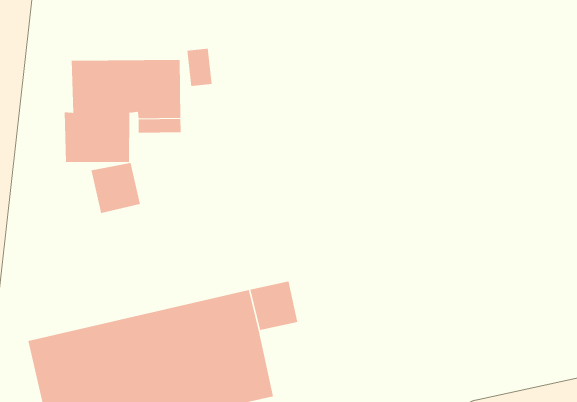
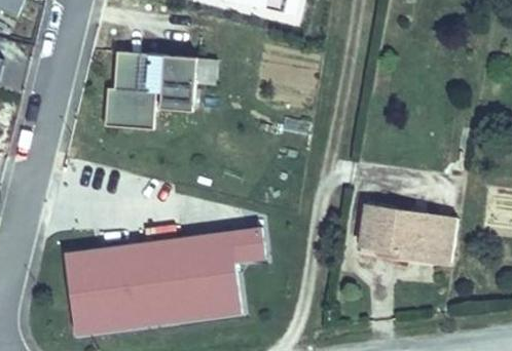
building: [91,162,140,214] -> none
building: none -> [353,207,458,266]

